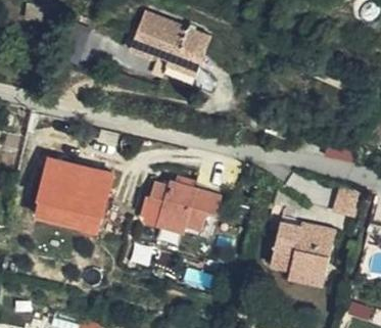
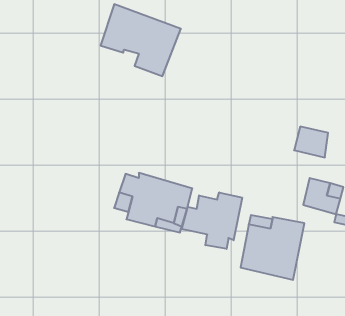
building: [36,153,114,227] -> none
building: none -> [182,192,242,249]

